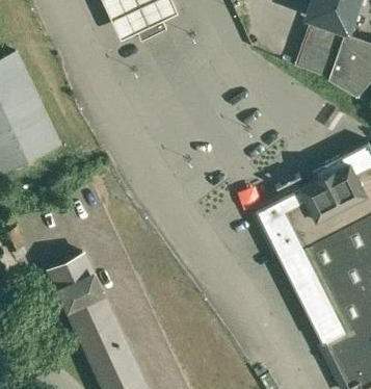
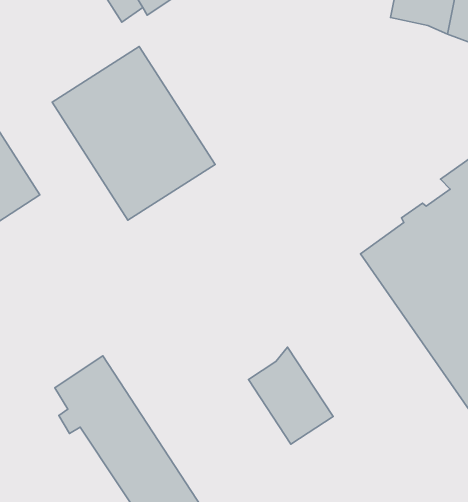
building: none -> [52,46,215,220]
building: none -> [248,347,333,444]

